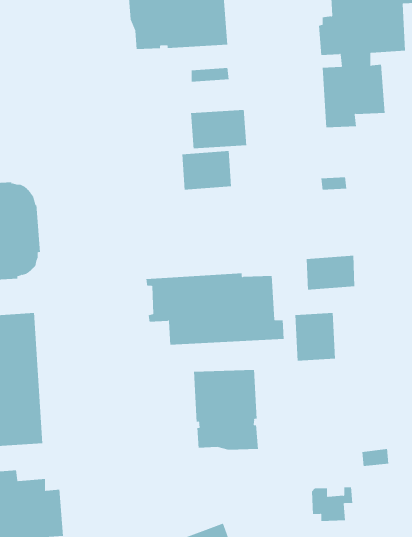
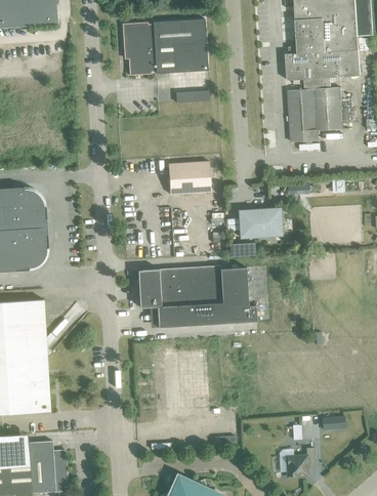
building: [190,109,247,149] -> none
building: [306,255,355,290] -> [239,208,281,238]
building: [295,312,335,361] -> none
building: [193,369,259,451] -> none

